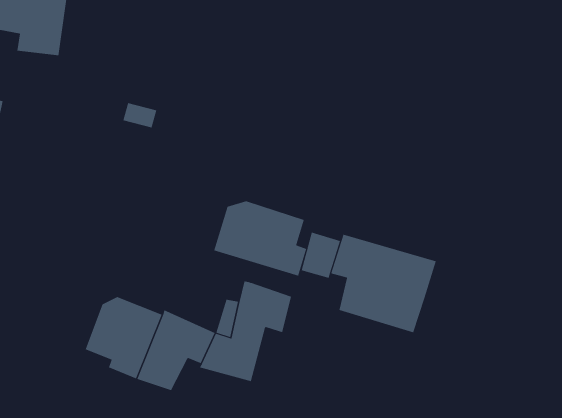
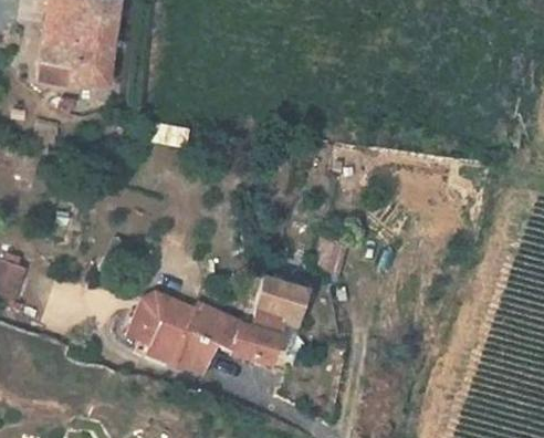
building: [214,201,307,277] -> none
building: [331,234,436,333] -> none

